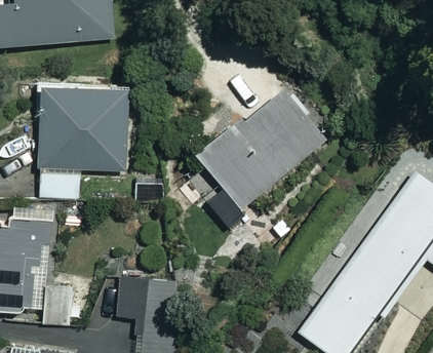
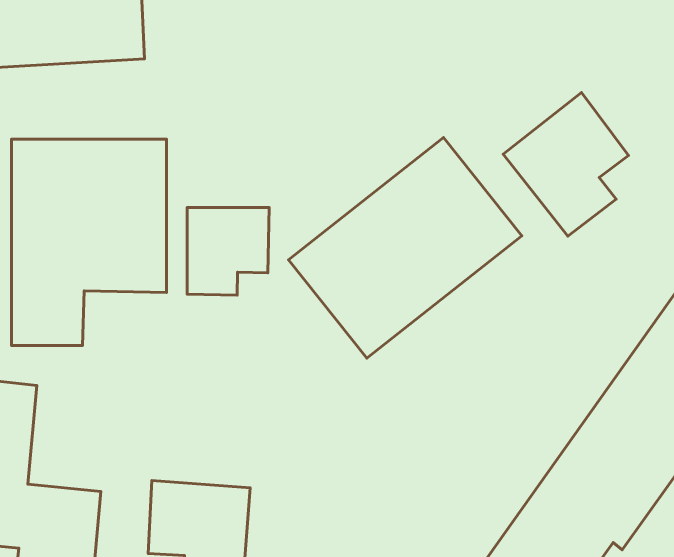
building: none -> [503,93,629,236]
building: none -> [187,208,269,295]

